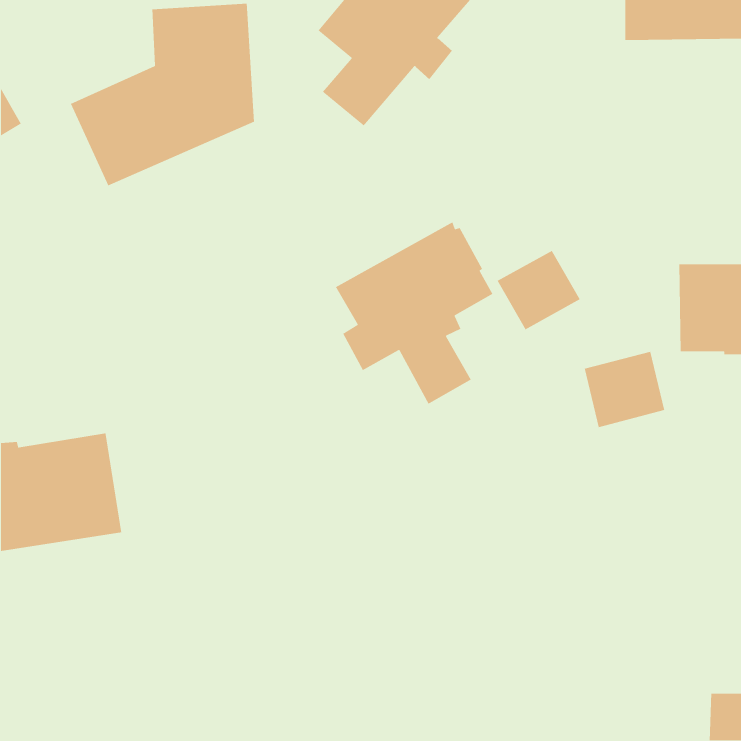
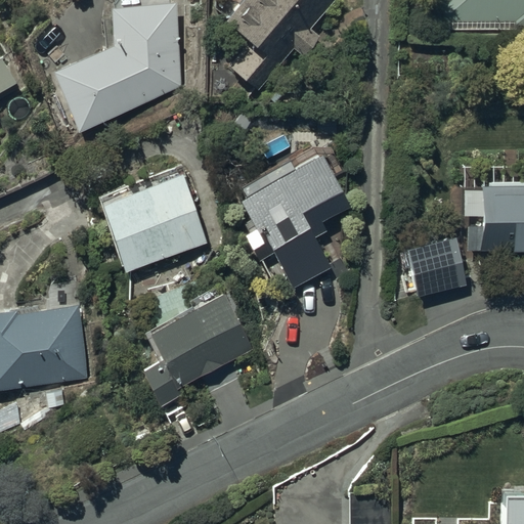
building: none -> [99,174,208,272]
building: [496,250,581,331] -> none
building: none -> [141,294,252,405]

